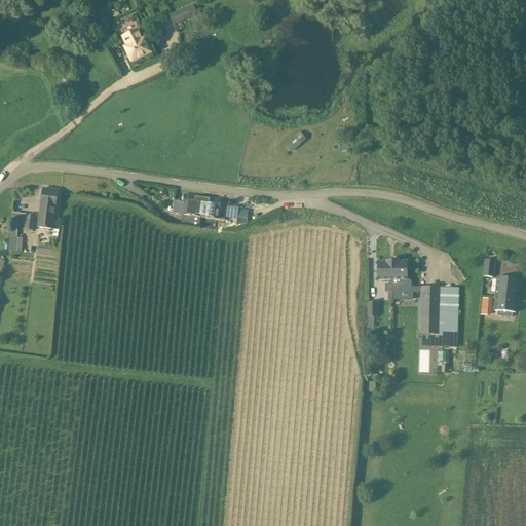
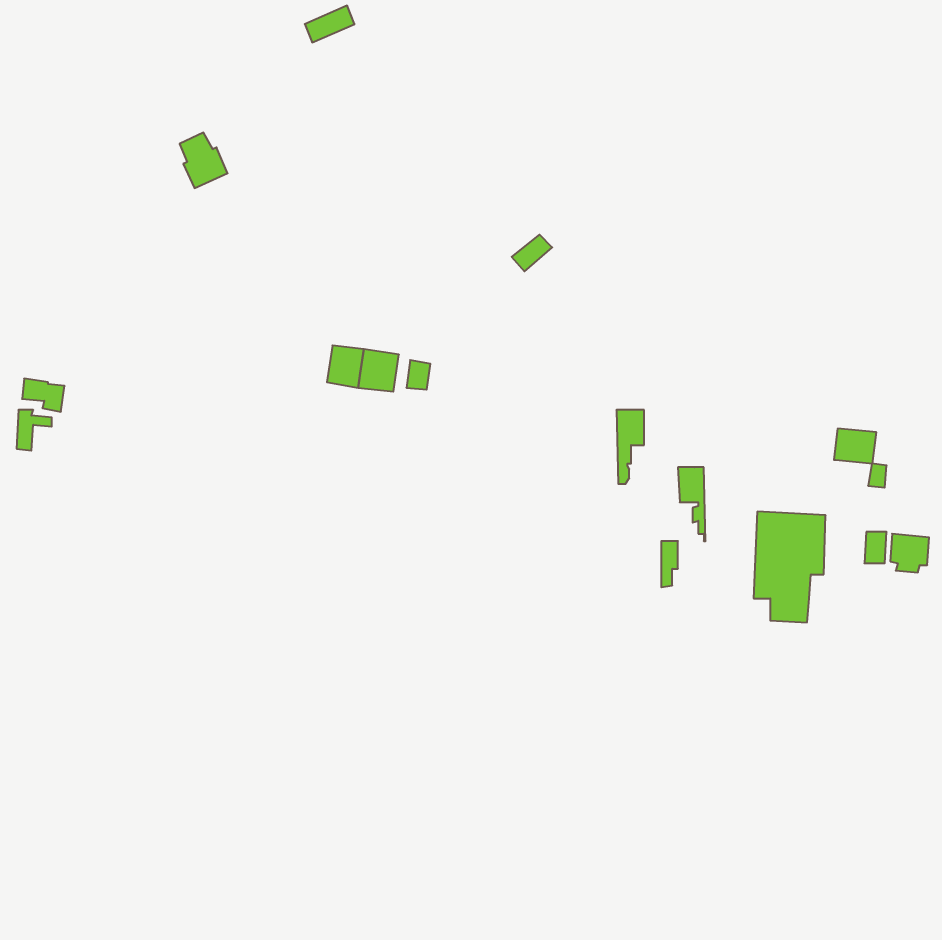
building: [124,29,151,60] -> [180,133,228,188]
building: [38,186,60,227] -> none
building: [392,260,408,301] -> [616,410,644,484]
building: [496,279,520,299] -> [834,429,876,464]

